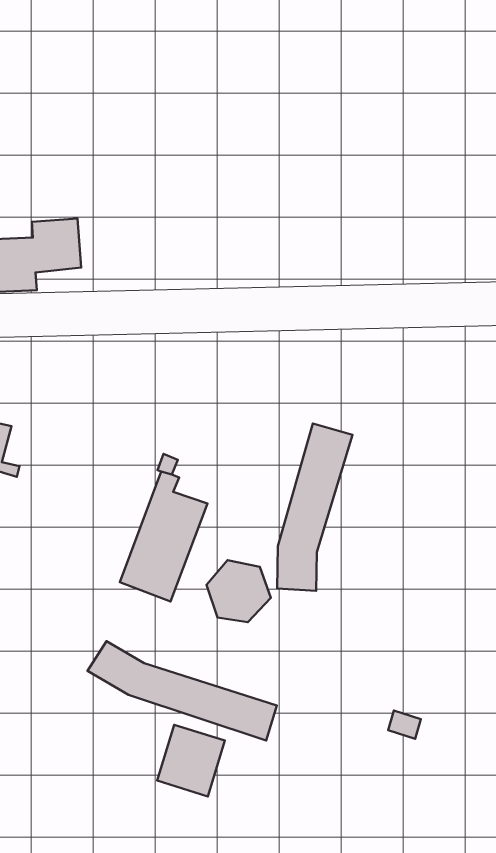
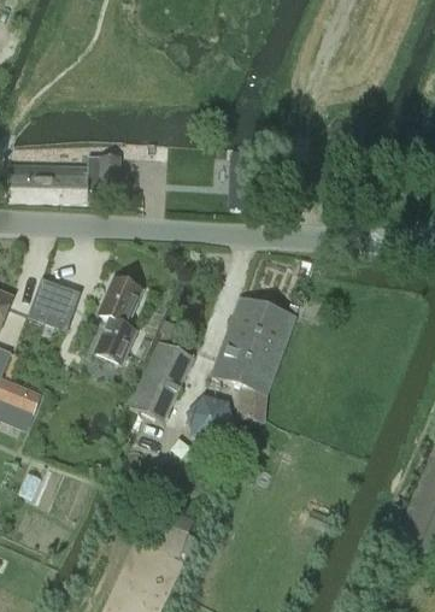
building: none -> [94,275,142,361]
building: none -> [212,295,270,387]
building: [87,641,277,741] -> none

